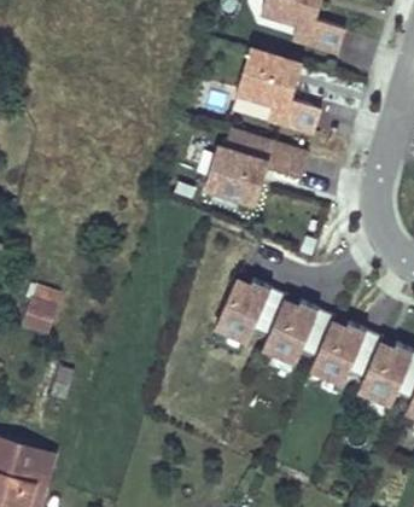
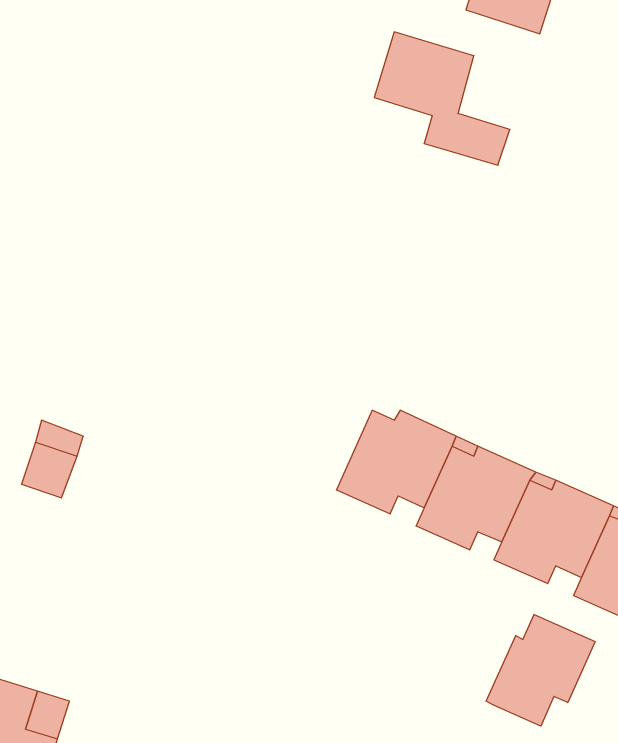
building: [202,132,305,203] -> none
building: none -> [486,614,595,726]

